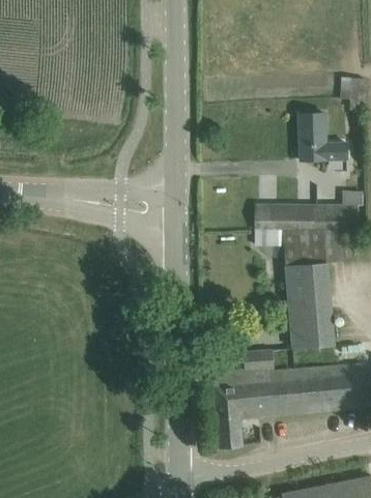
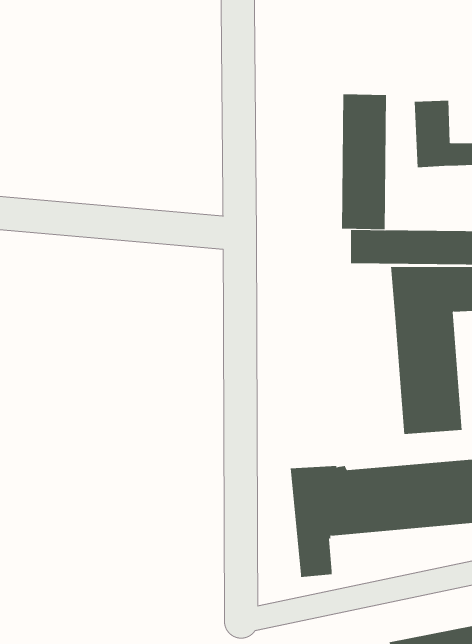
building: none -> [342,94,386,230]
building: [242,350,273,371] -> none

